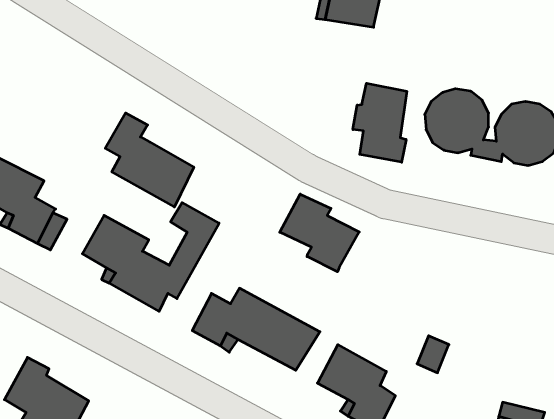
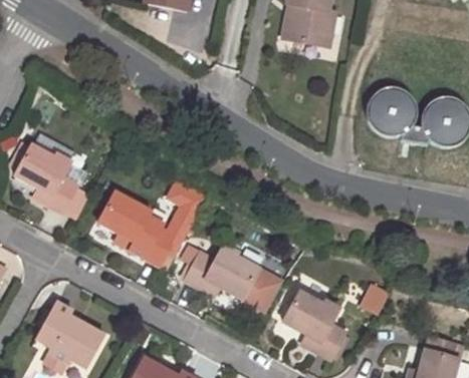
building: [353,83,407,162] -> none
building: [105,113,194,207] -> none
building: [280,194,359,272] -> none

